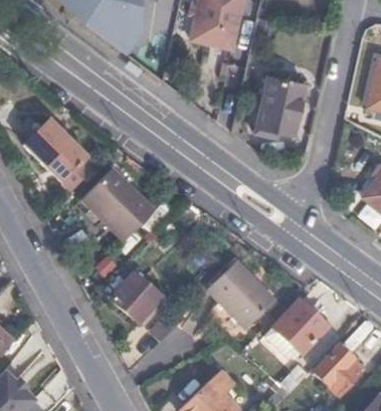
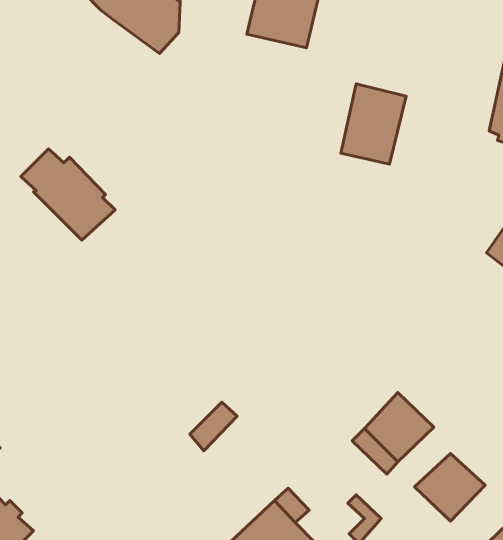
building: [80,169,153,243] -> none
building: [208,261,276,330] -> none
building: [112,274,161,323] -> none

